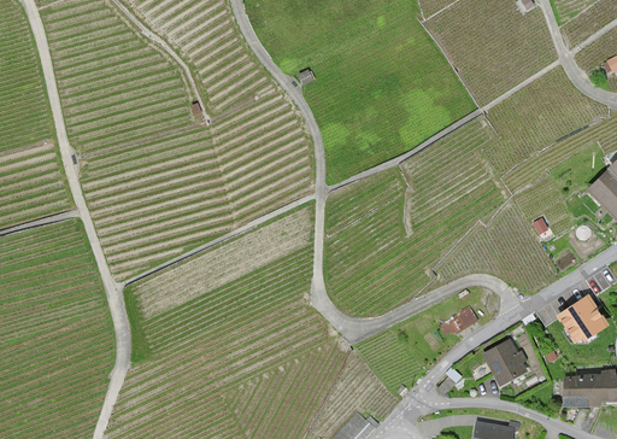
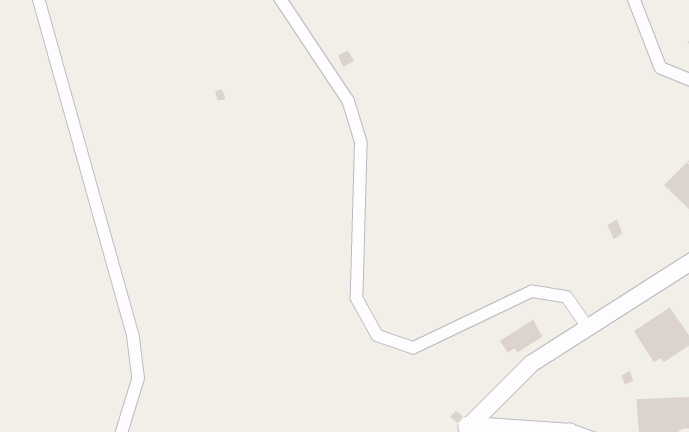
building: [481,338,528,388] -> none

